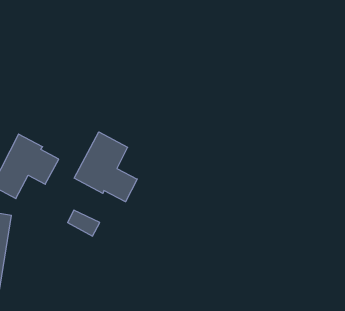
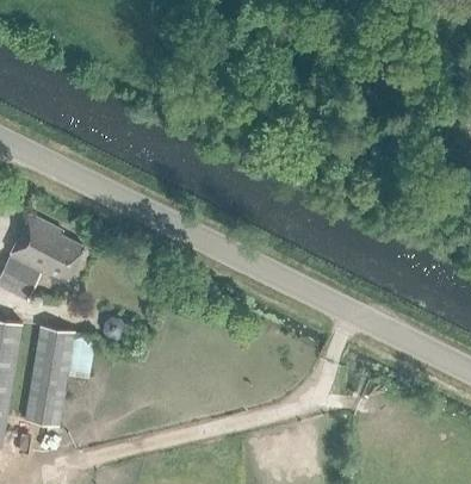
building: [74,132,137,202] -> none
building: none -> [25,327,74,427]

